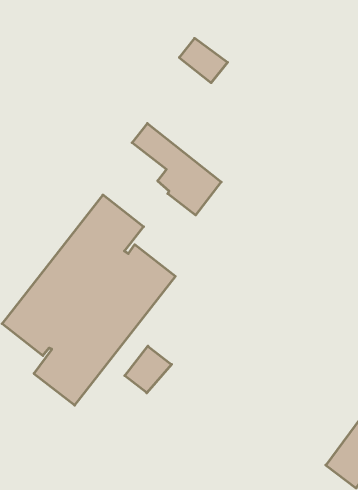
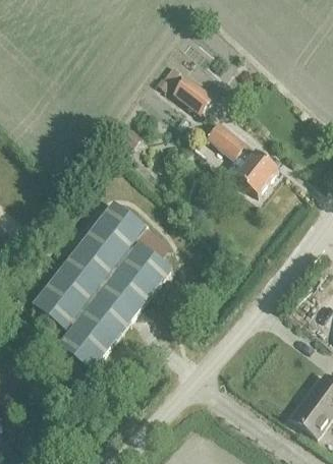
building: [132,123,221,215] -> [209,121,280,194]
building: [125,346,172,393] -> none

